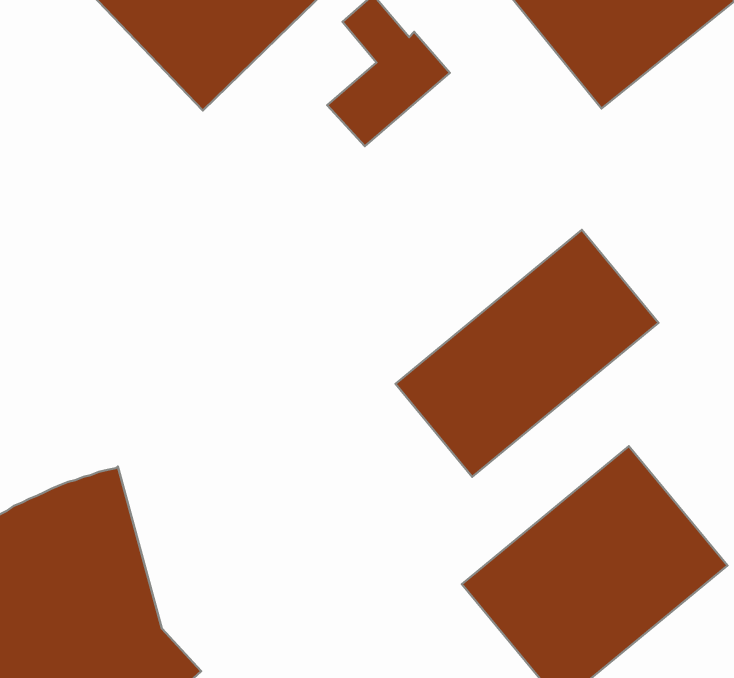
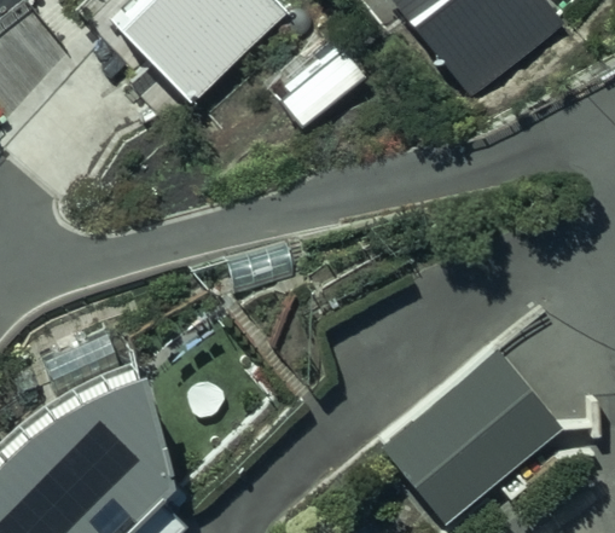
building: [396,230,658,477] -> none

